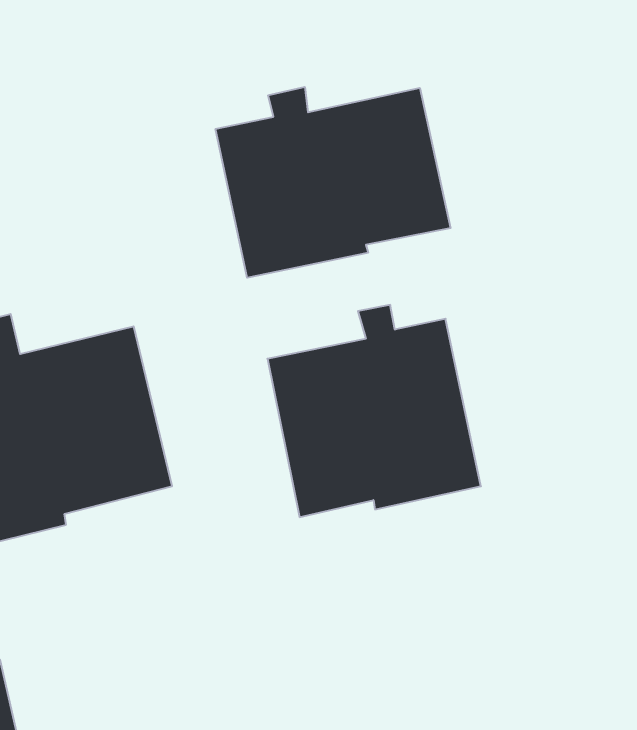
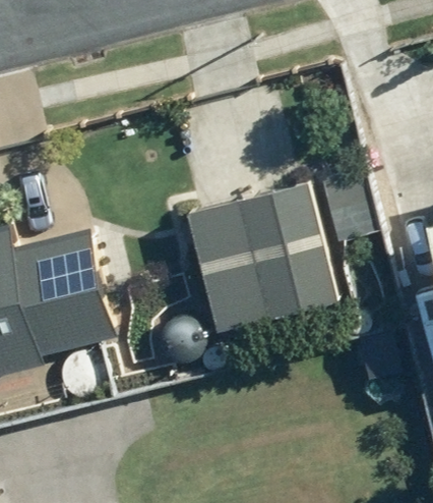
building: [216,87,451,278] -> none

